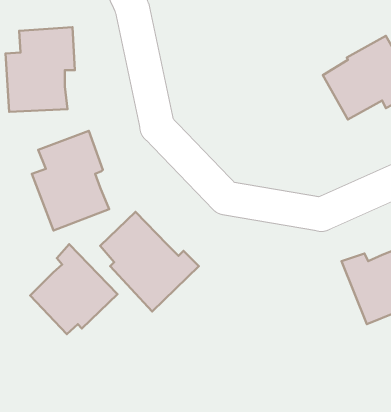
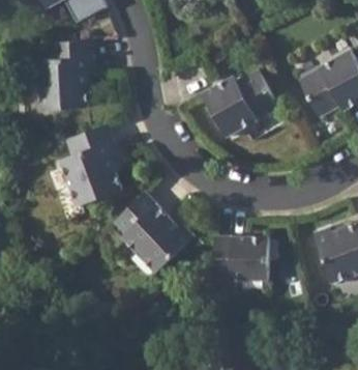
building: none -> [200,73,278,140]
building: [30,244,118,334] -> none
building: none -> [215,237,270,283]

